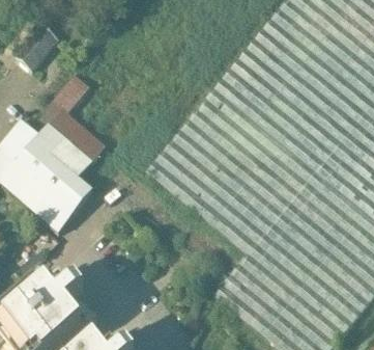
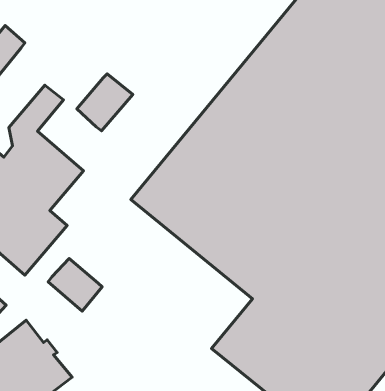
building: none -> [77,74,133,131]
building: none -> [48,258,102,311]

